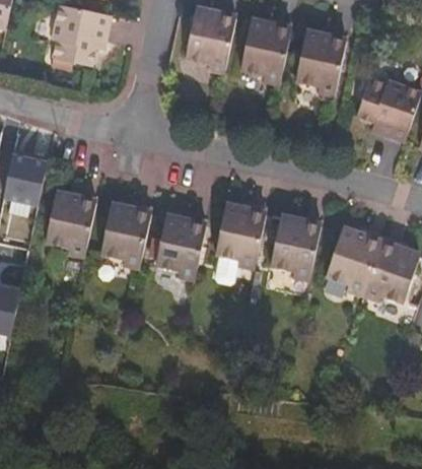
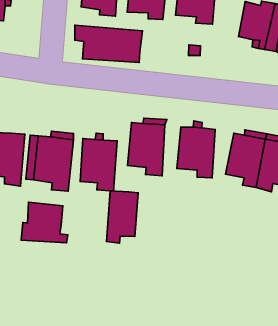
building: none -> [75,25,142,63]
building: none -> [107,191,138,243]
building: none -> [21,202,68,243]

